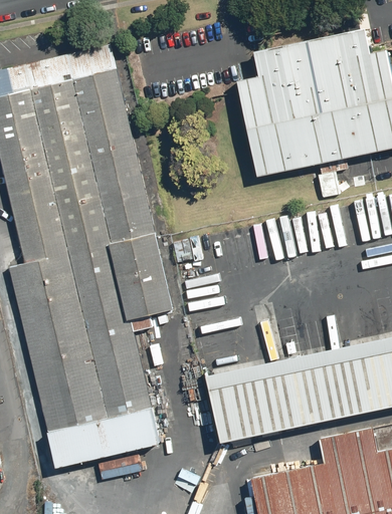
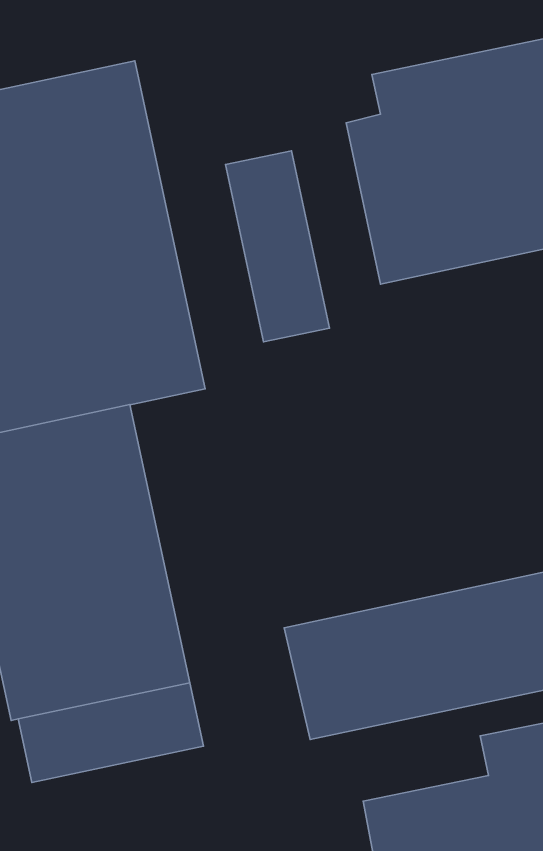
building: none -> [226,151,330,342]
building: [114,238,174,321] -> none

